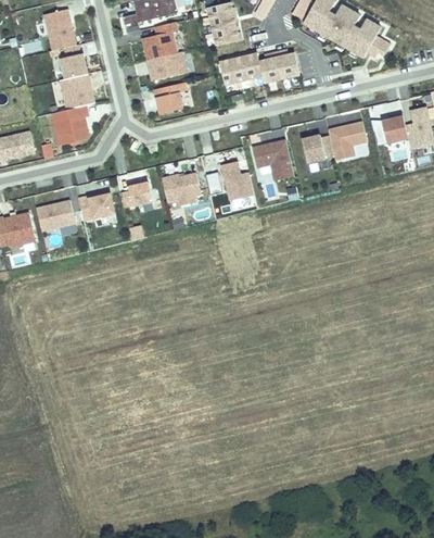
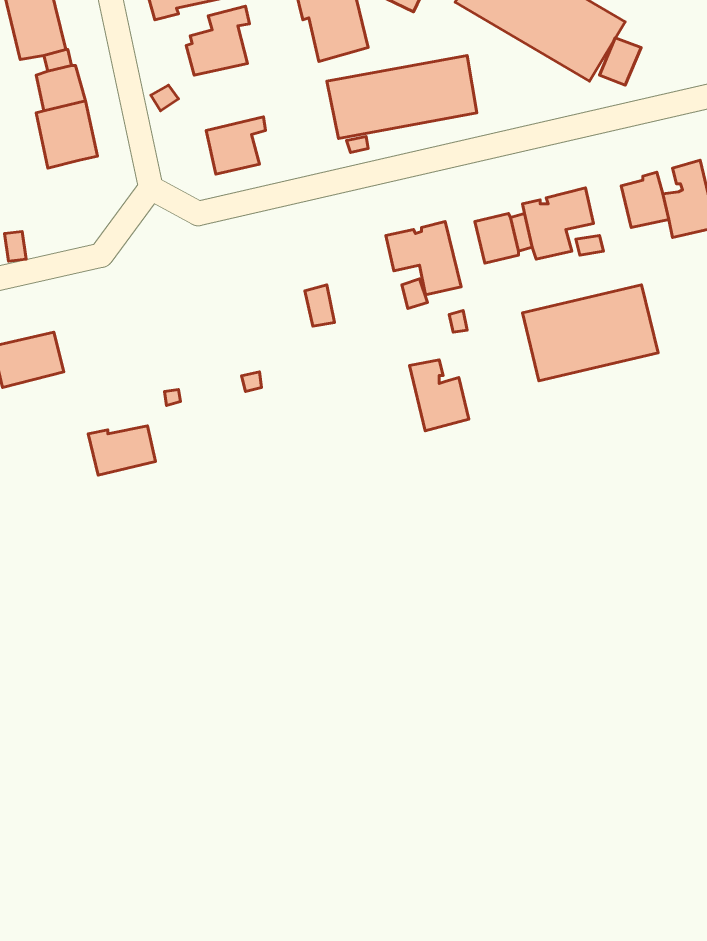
building: [145,50,186,79] -> none
building: [51,104,88,143] -> none
building: [220,160,253,199] -> [409,360,469,431]
building: none -> [523,285,658,381]
building: [162,175,202,208] -> none
building: [120,180,152,207] -> none
building: [77,192,114,220] -> [88,426,155,475]

